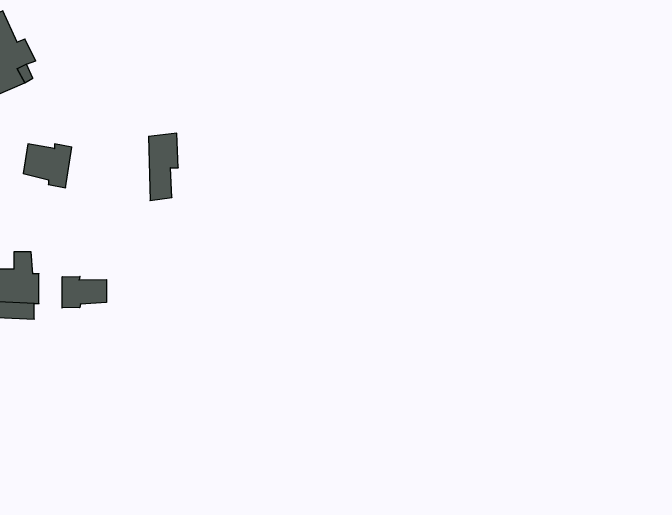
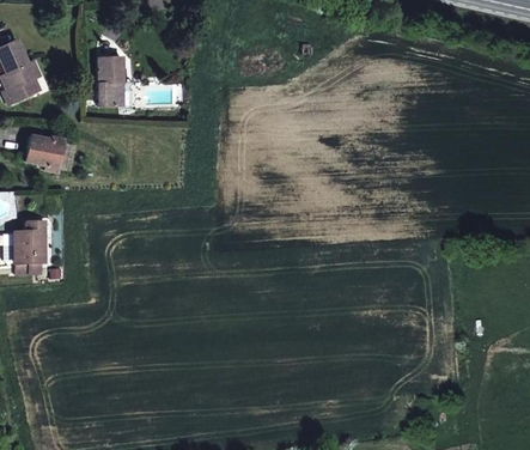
building: [149,133,178,201] -> [103,53,126,104]
building: [62,276,106,308] -> none

